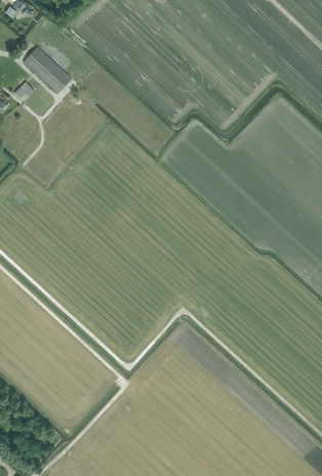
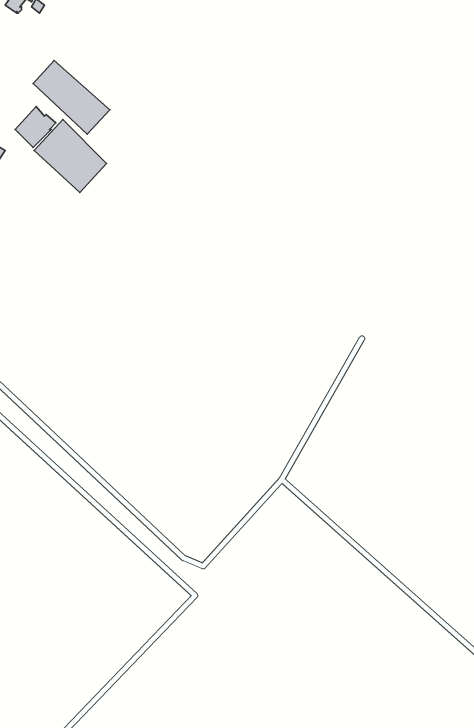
building: none -> [34,119,107,192]

